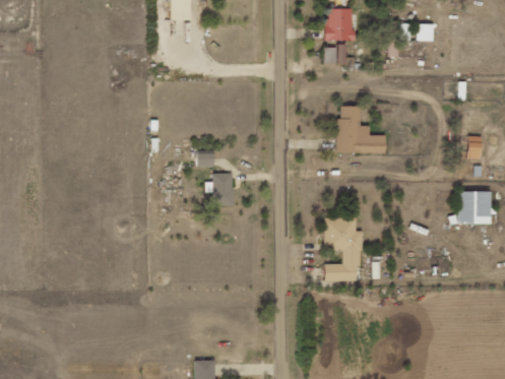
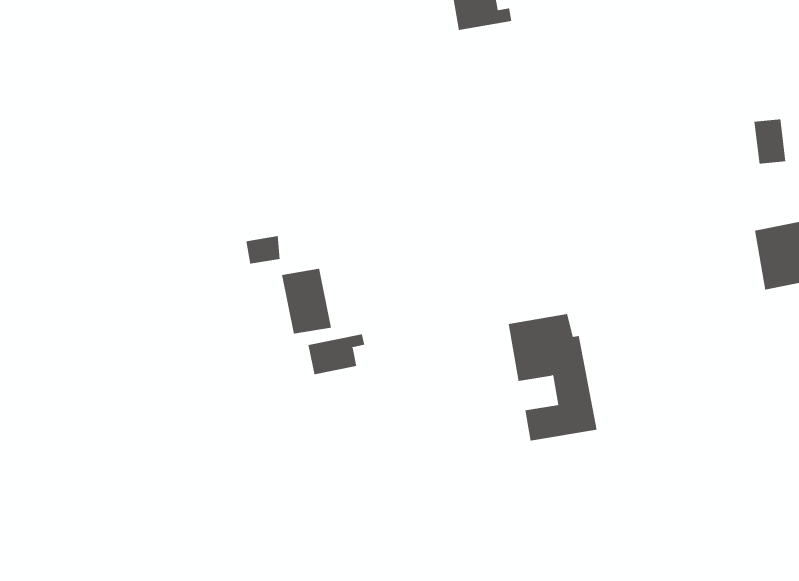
building: [337,106,386,153] -> none
building: none -> [308,333,365,375]

